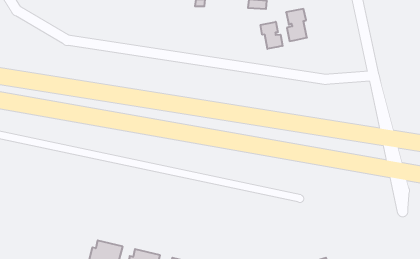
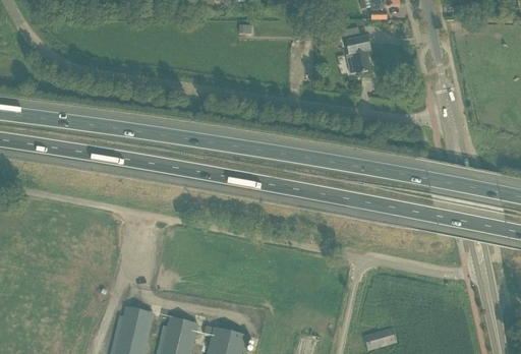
building: [261,22,283,49] -> none

